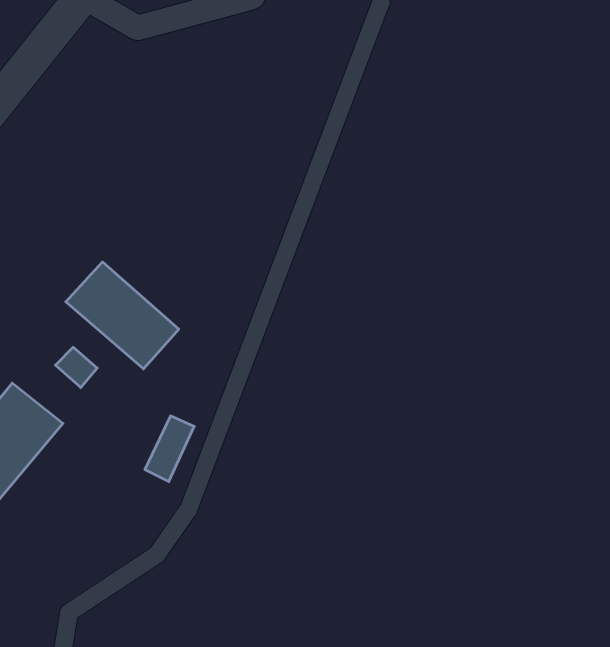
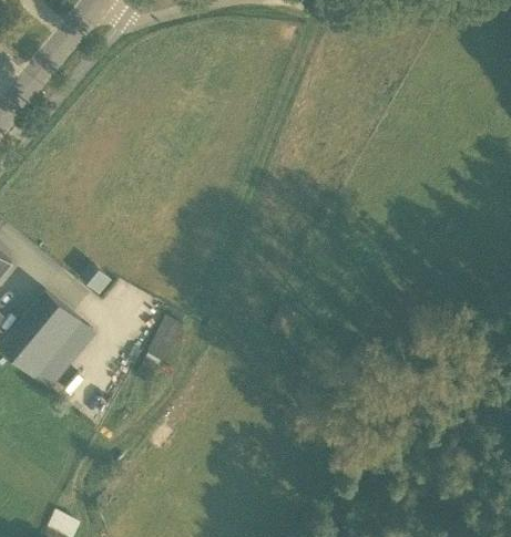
building: [66,262,179,369] -> none

